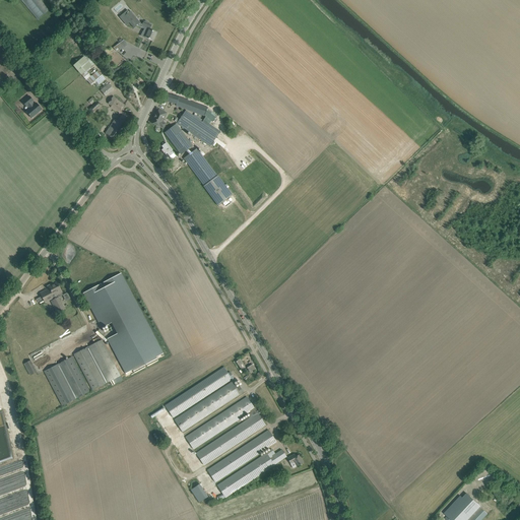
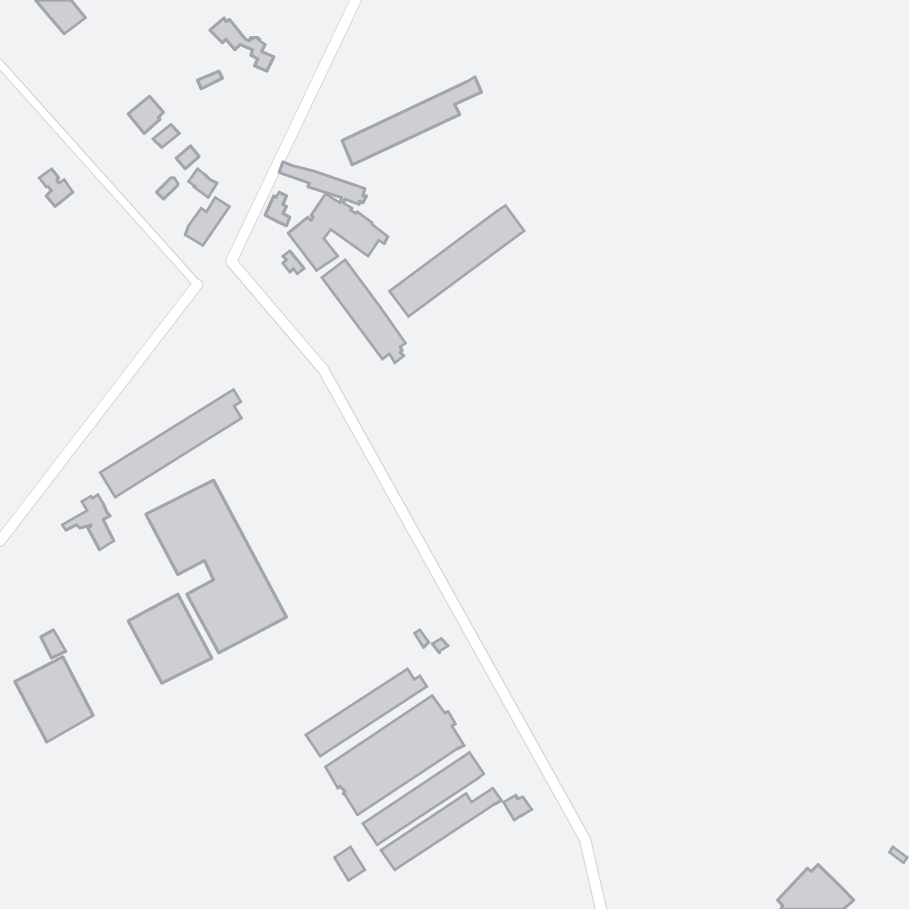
building: none -> [342,77,481,165]
building: none -> [390,206,524,316]
building: none -> [100,389,242,497]
building: [45,358,89,406] -> [15,657,93,742]
building: [165,367,234,417] -> none

